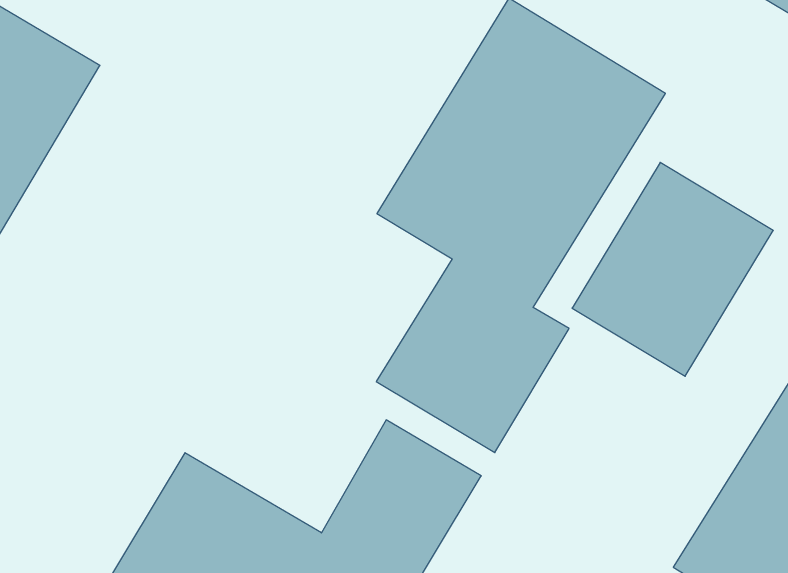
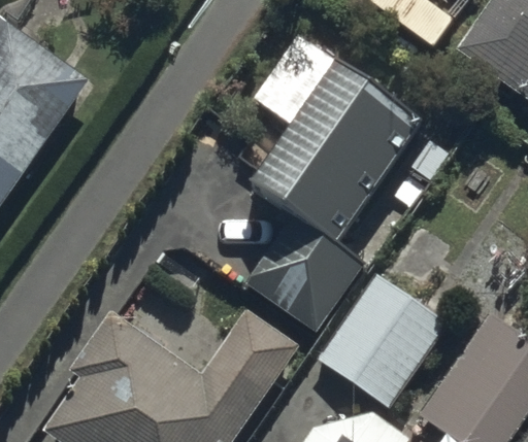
building: [572,162,773,376] -> [320,274,444,404]

